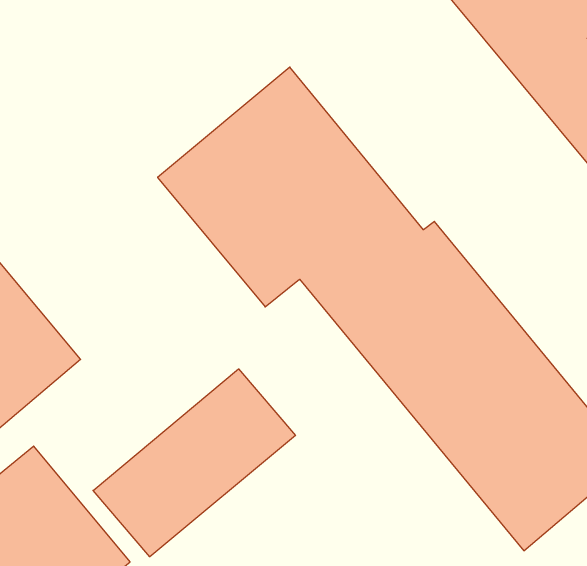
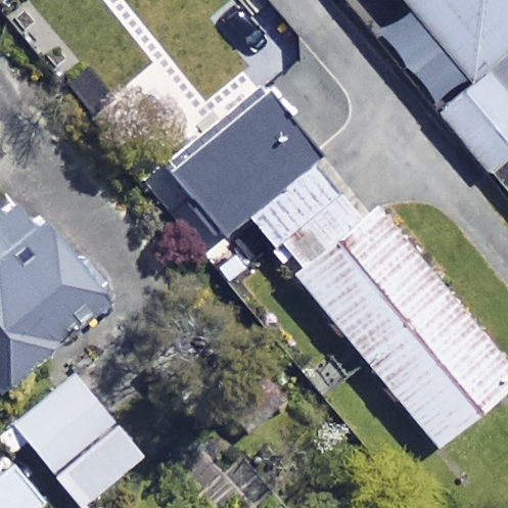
building: [93,369,295,557] -> none

